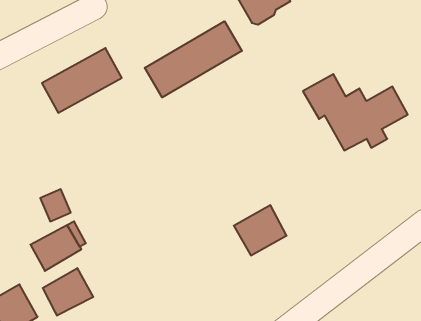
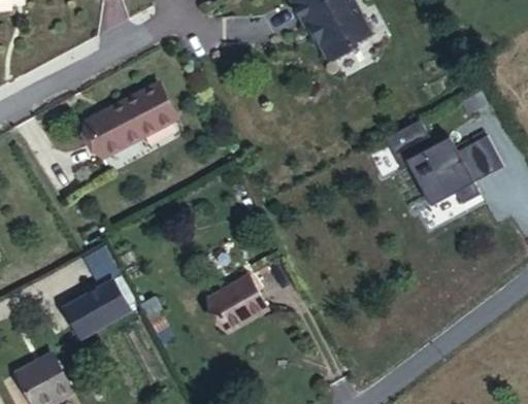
building: [145,21,242,97] -> none
building: [234,205,287,255] -> [207,276,268,334]
building: [43,268,93,316] -> none

